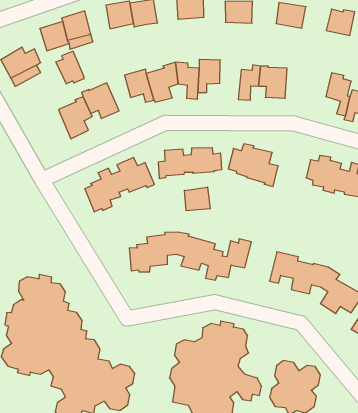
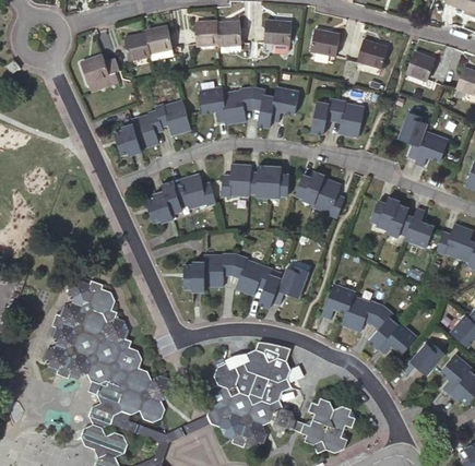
building: [56,51,84,84] -> [114,122,140,154]
building: [184,187,210,211] -> none

